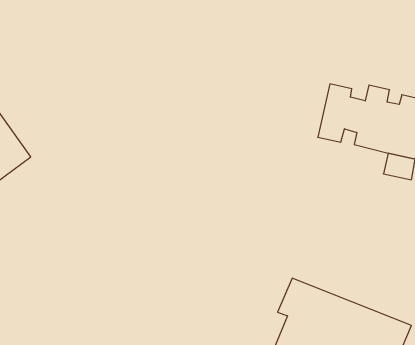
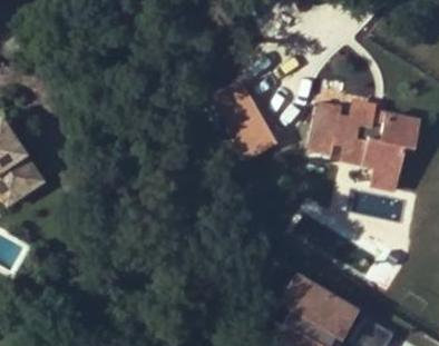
building: none -> [213,87,274,160]

